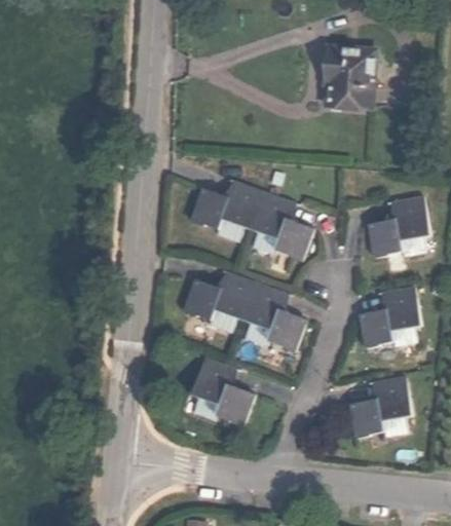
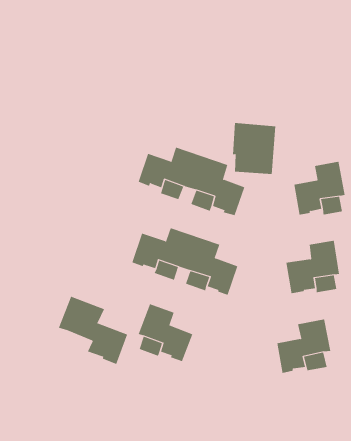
building: [322,46,372,106] -> [232,123,276,174]
building: none -> [58,296,128,365]

